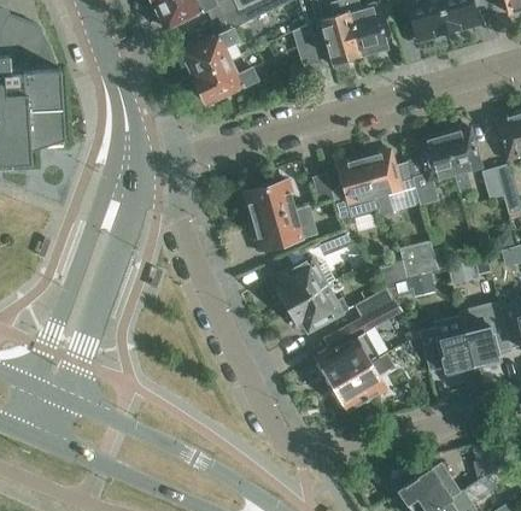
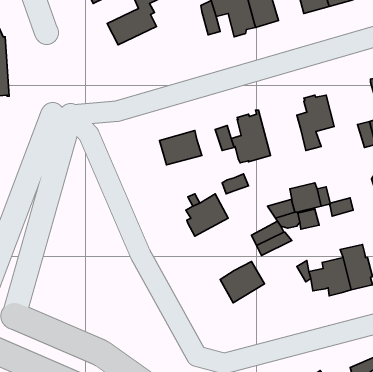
building: [195,54,257,101] -> none
building: [444,125,481,192] -> none
building: [363,148,414,215] -> none
building: [253,204,317,248] -> none
building: [287,283,349,330] -> none
building: [333,352,394,412] -> none

